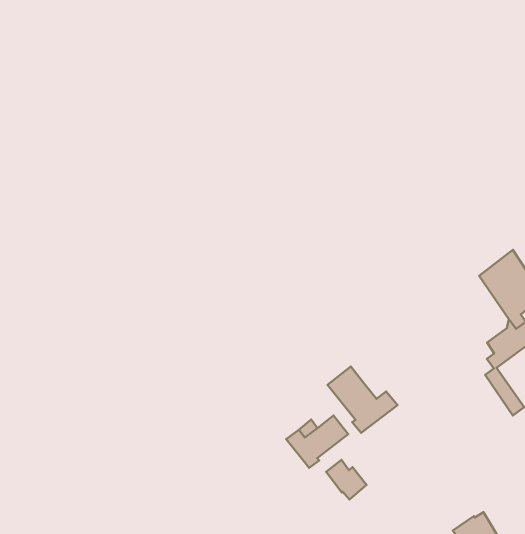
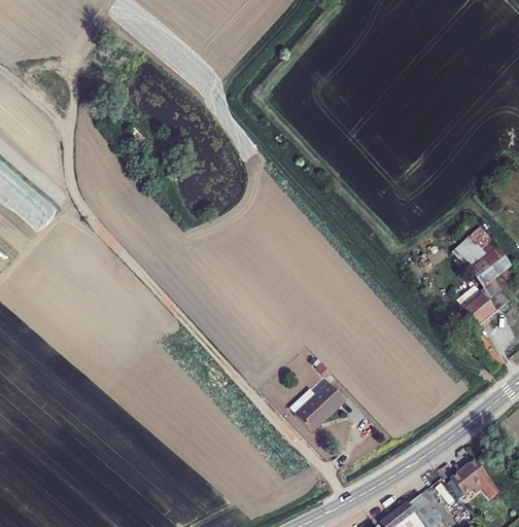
building: [328,367,397,433] -> none
building: [326,460,366,499] -> none

